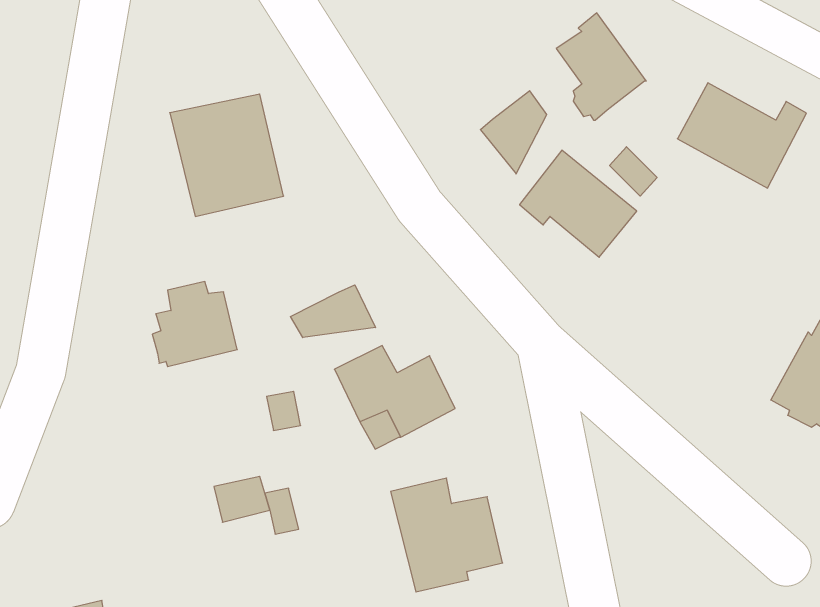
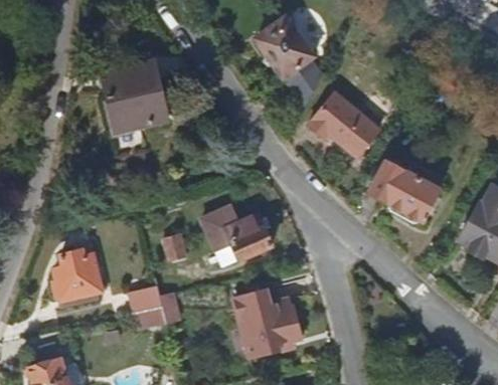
building: [556,13,646,120] -> [263,17,316,80]
building: [677,83,806,188] -> [369,160,446,222]
building: [152,282,237,367] -> [50,249,101,300]
building: [290,285,375,338] -> none

